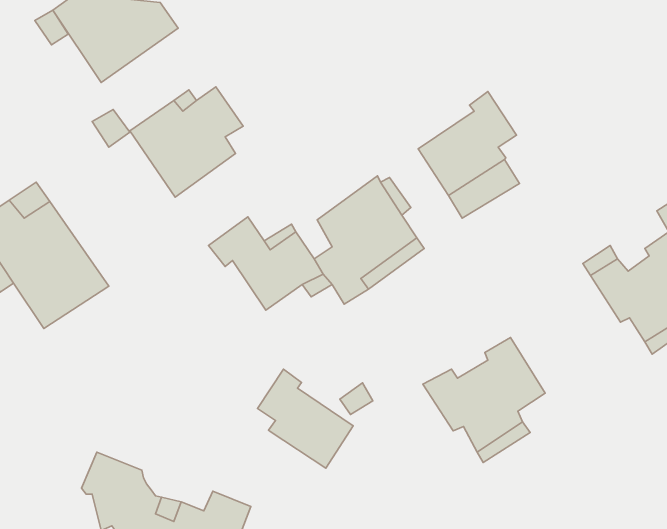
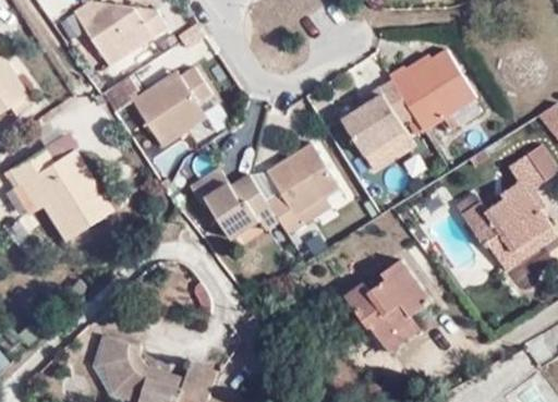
building: none -> [387,48,474,126]
building: [257,369,353,468] -> none

